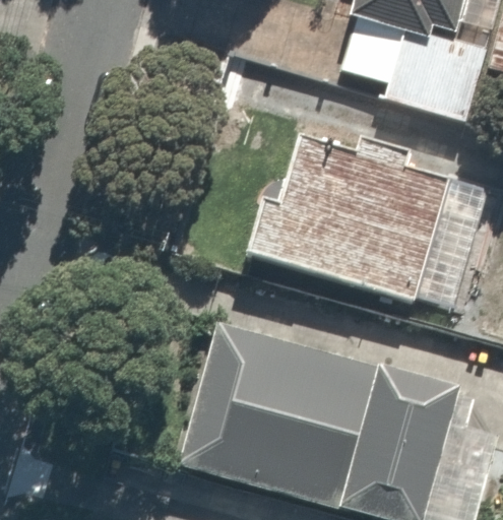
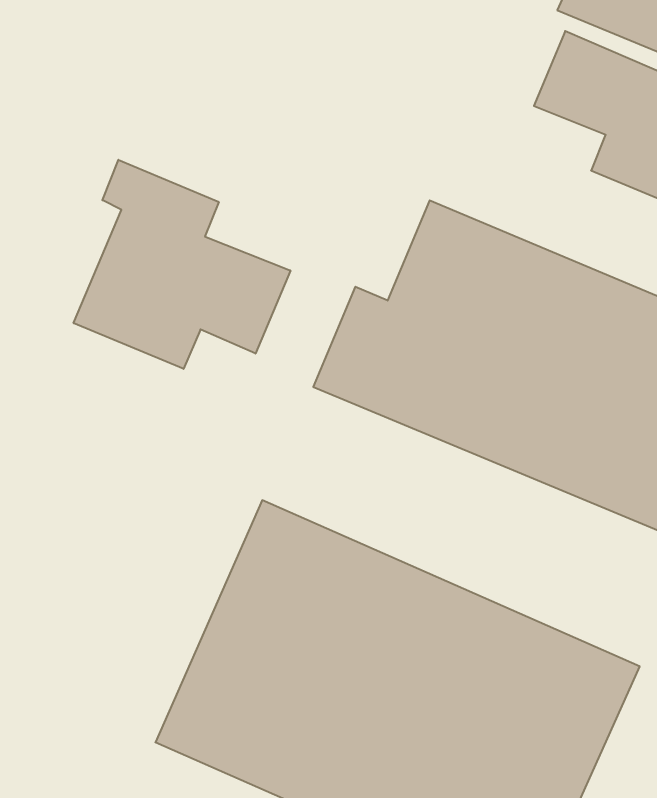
building: none -> [74,160,290,369]

